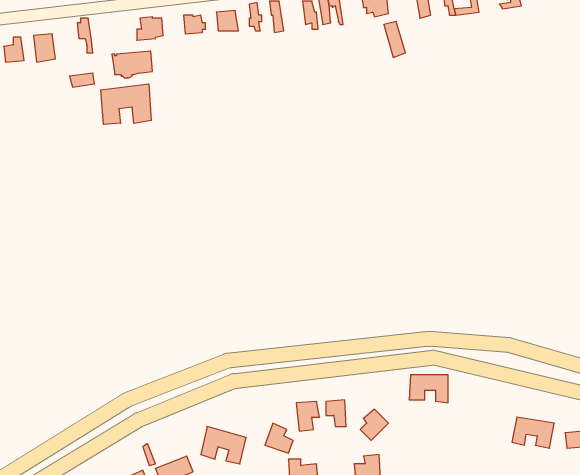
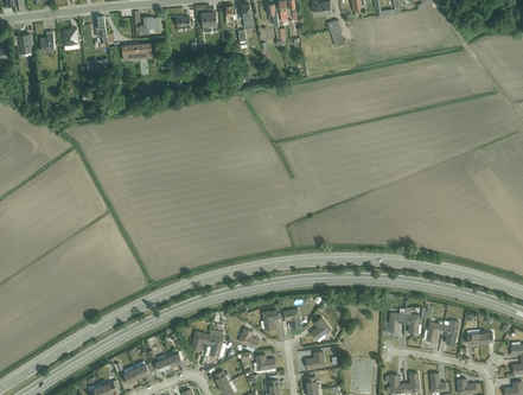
building: [101,84,151,124] -> none
building: [409,375,448,403] -> [387,312,416,333]

